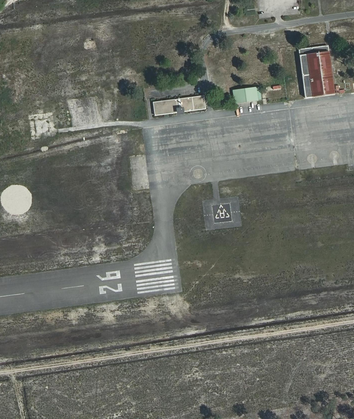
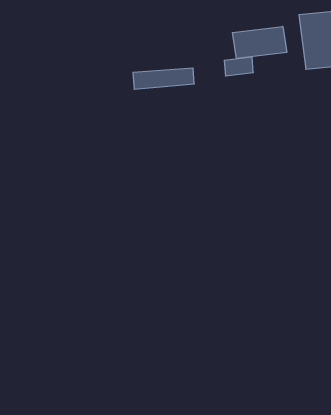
building: none -> [232,26,287,59]

